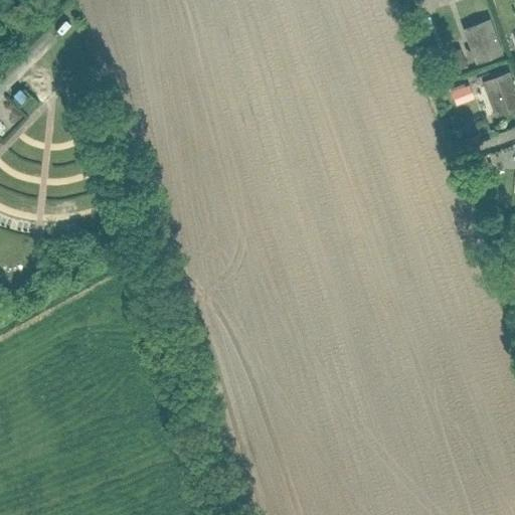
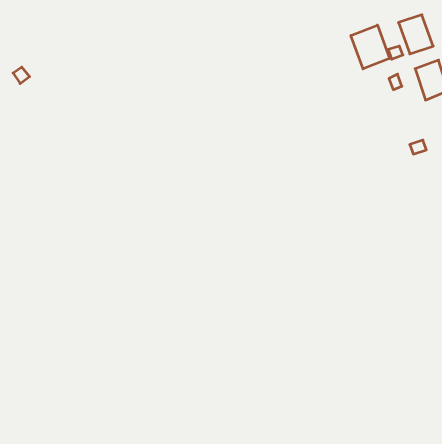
building: none -> [351,25,389,69]

